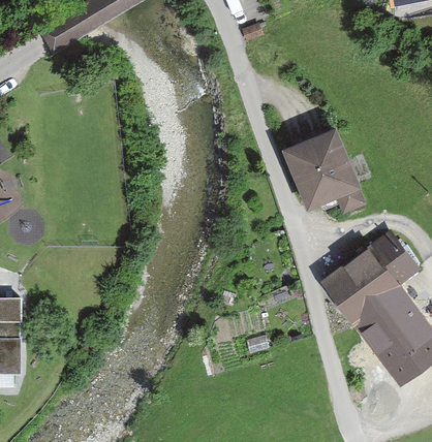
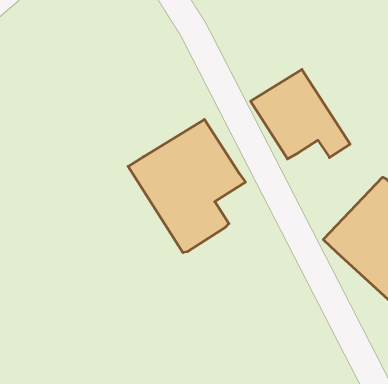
building: none -> [128,119,245,253]

